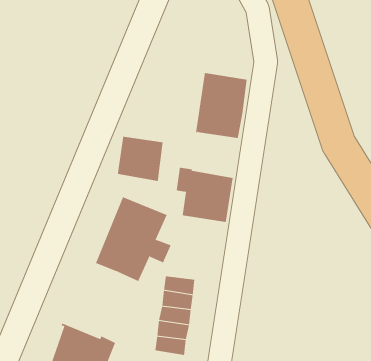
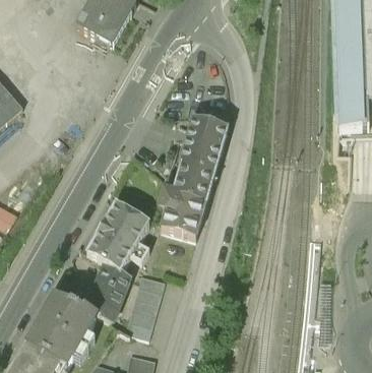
building: [117,136,163,182] -> [175,161,214,200]
building: none -> [85,262,131,321]

